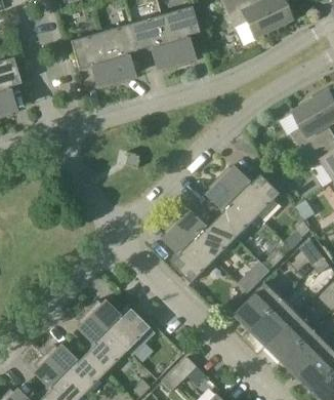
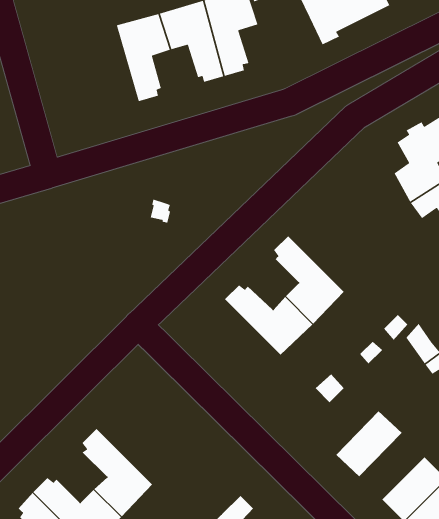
building: [70,32,116,89] -> none
building: [219,167,281,216] -> none
building: [165,222,214,283] -> none
building: [236,282,282,329] -> none
building: [87,301,155,356] -> none
building: [268,314,314,360] -> none

